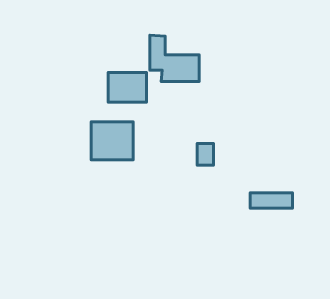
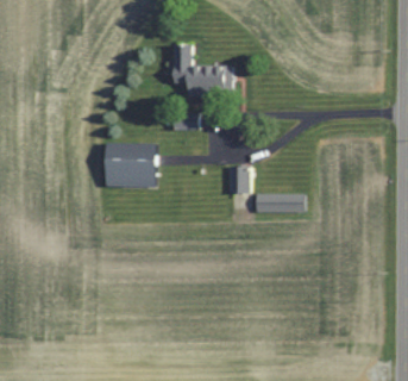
building: [108,72,146,102] -> none
building: [250,193,292,208] -> [255,194,303,212]

